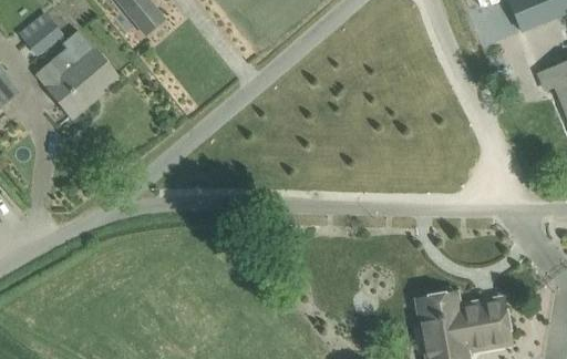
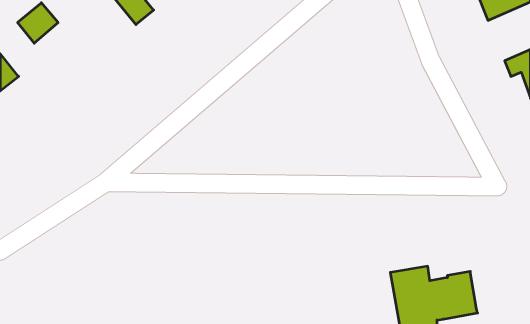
building: [38,31,116,117] -> none

